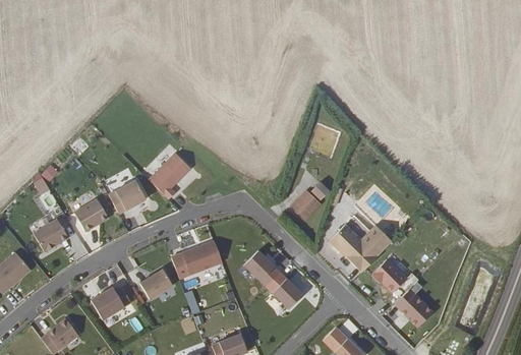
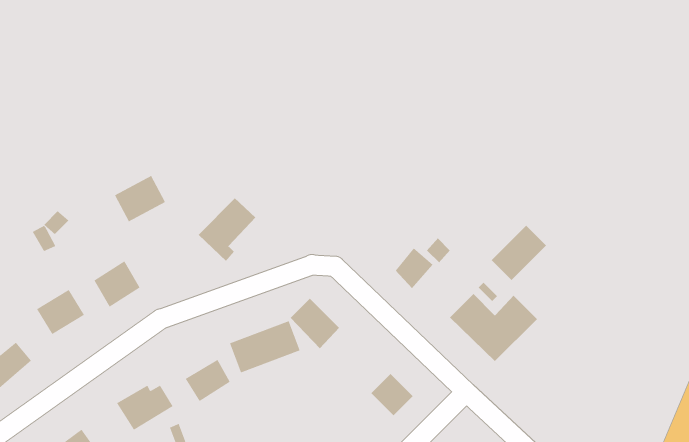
building: none -> [491,225,547,281]
building: [109,180,146,214] -> [114,175,166,222]
building: [244,250,280,287] -> [290,298,340,349]
building: [370,257,406,292] -> none
building: [393,288,429,323] -> none

